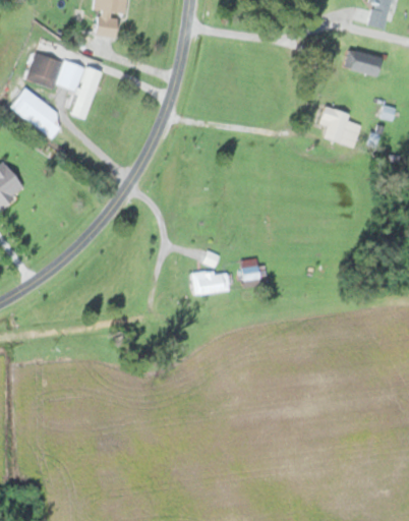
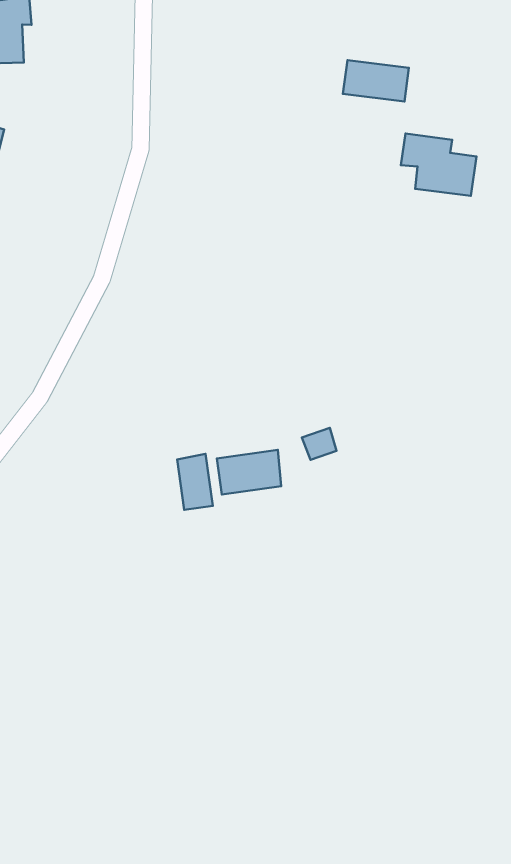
building: [344,48,383,75] -> [343,60,409,102]
building: none -> [177,454,213,510]

